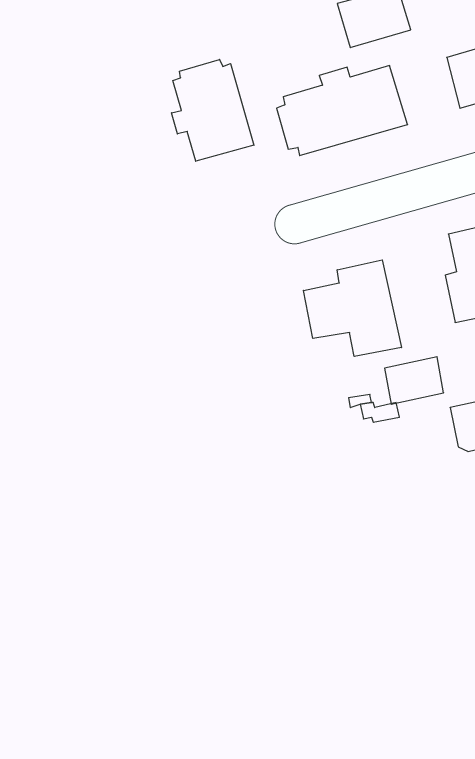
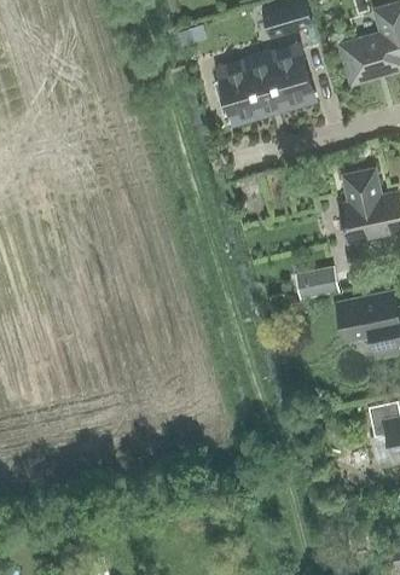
building: [172,59,254,161] -> none
building: [303,260,401,356] -> none

